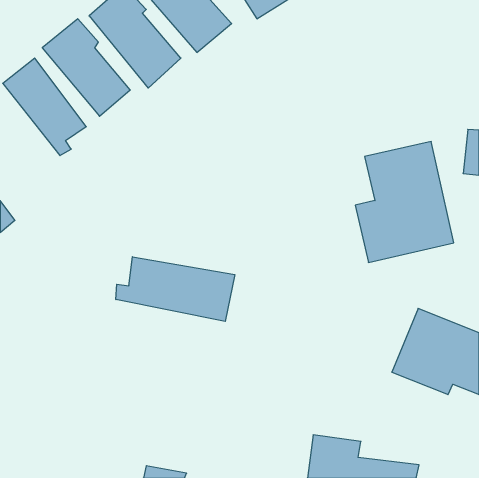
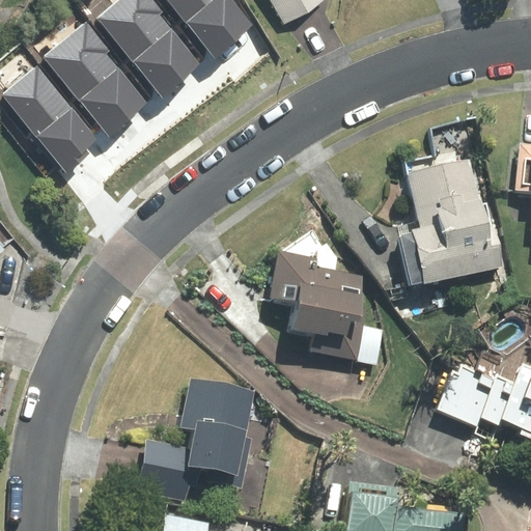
building: none -> [263,227,384,367]
building: [116,257,235,321] -> none
building: none -> [134,378,255,504]

